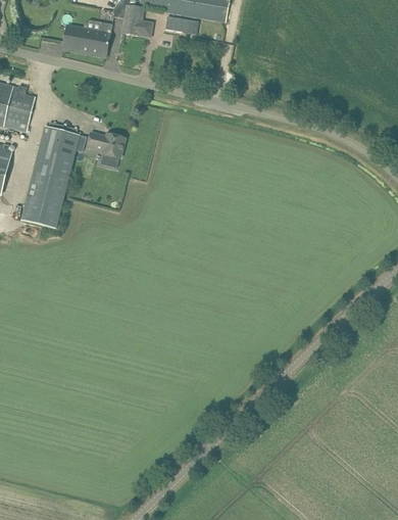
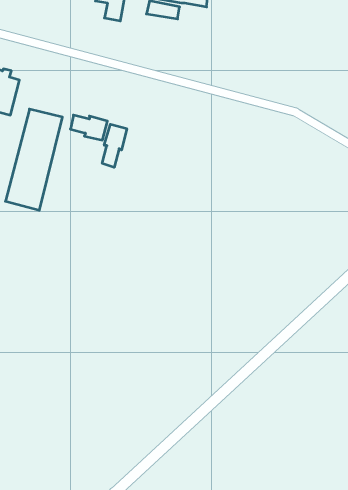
building: [62,21,111,56] -> none
building: none -> [102,124,127,167]

